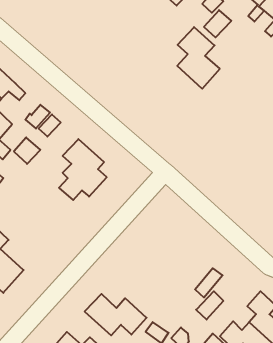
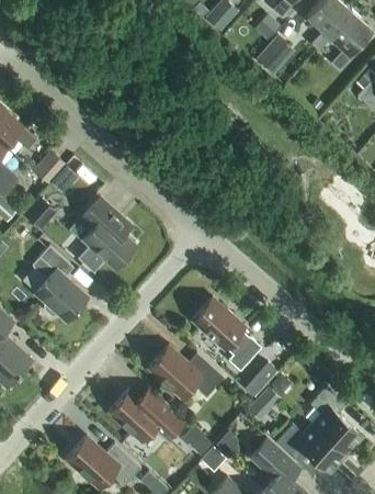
building: [177,27,220,89] -> none
building: none -> [32,246,87,321]
building: none -> [192,297,261,371]
building: none -> [148,346,223,398]

